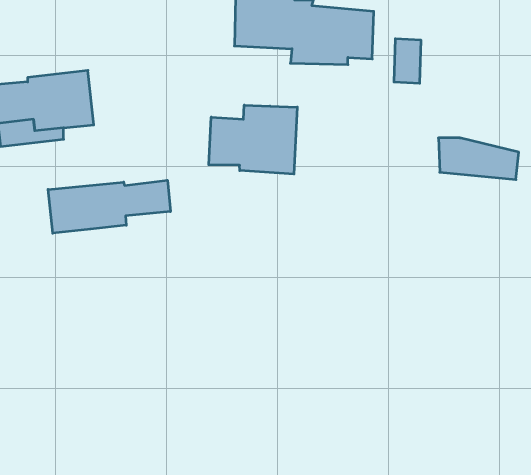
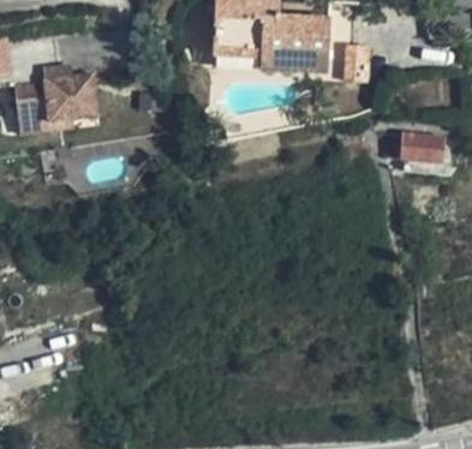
building: [209,105,297,174] -> none
building: [48,180,170,233] -> none

